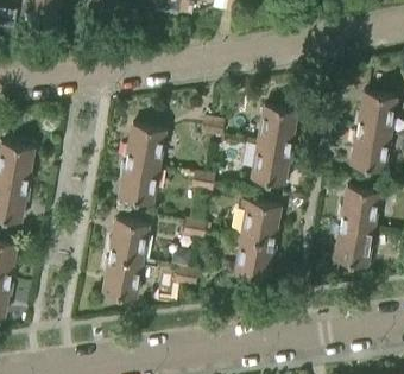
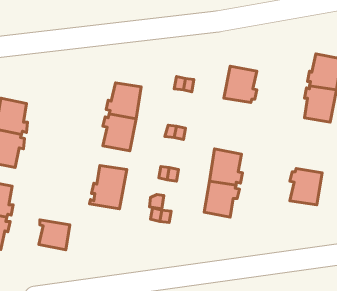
building: [252,142,293,184] -> none
building: [339,186,379,228] -> none
building: [103,264,139,298] -> [39,220,70,250]

